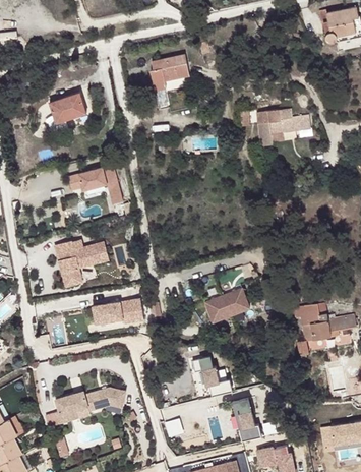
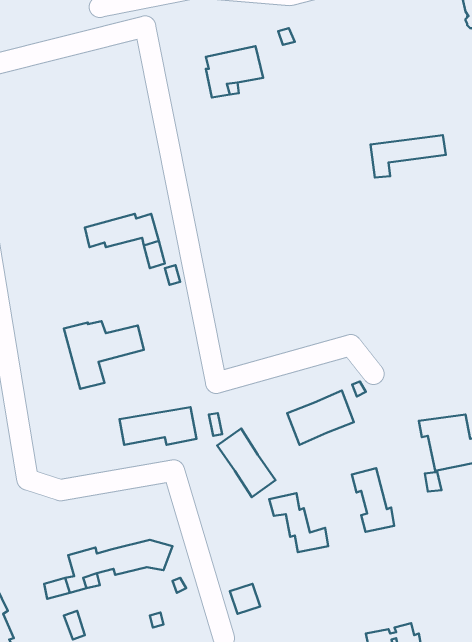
building: [49,94,86,124] -> none
building: none -> [217,428,276,497]
building: [232,400,260,442] -> [352,468,394,532]

